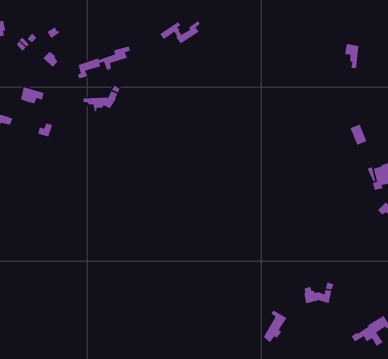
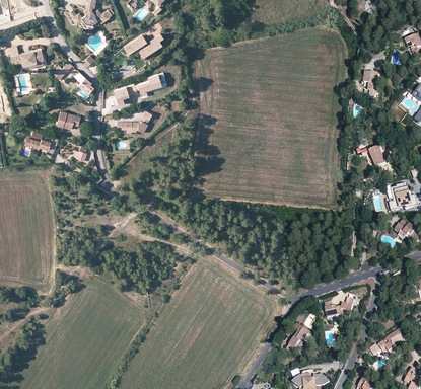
building: [159,20,201,45] -> [124,33,163,57]

